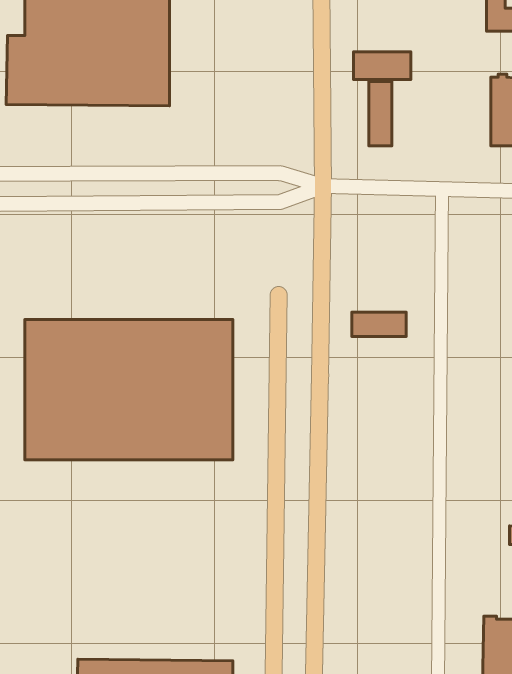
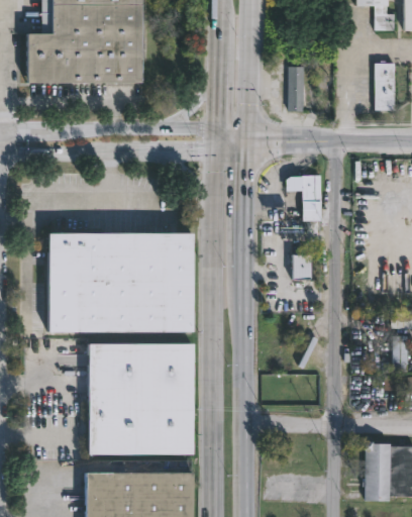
building: [353,52,411,80] -> none
building: none -> [285,176,321,221]
building: none -> [293,252,312,281]
building: none -> [87,343,193,455]

